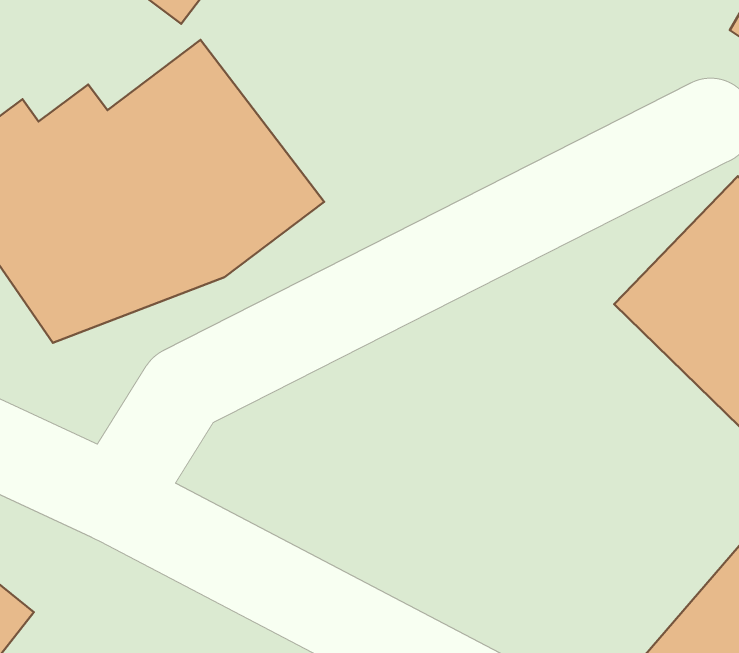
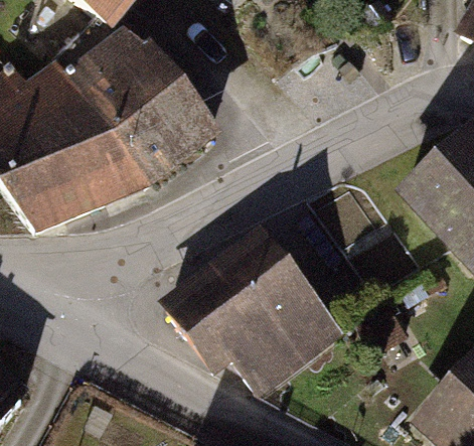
building: none -> [175,230,344,384]

